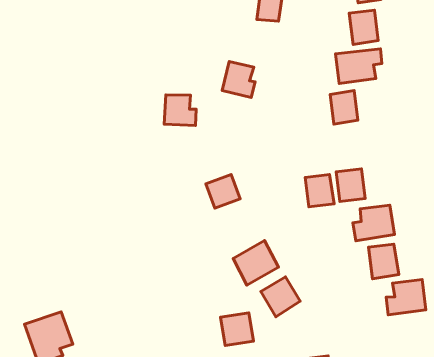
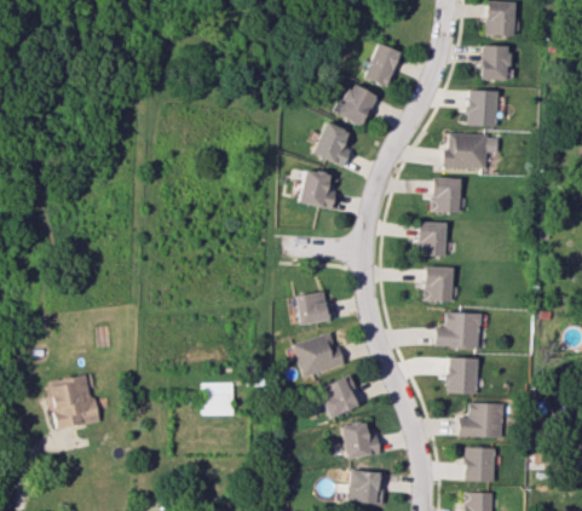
building: none -> [338,85,376,126]
building: [164,95,196,126] -> [298,170,336,209]
building: [206,174,240,208] -> [295,291,332,326]
building: [305,175,334,207] -> [417,222,446,257]
building: [221,313,253,346] -> [202,383,235,415]
building: none -> [342,423,381,458]
building: none -> [465,448,496,482]

